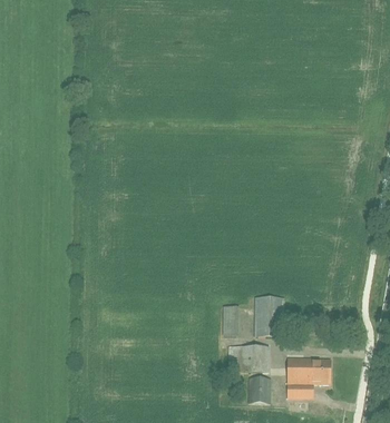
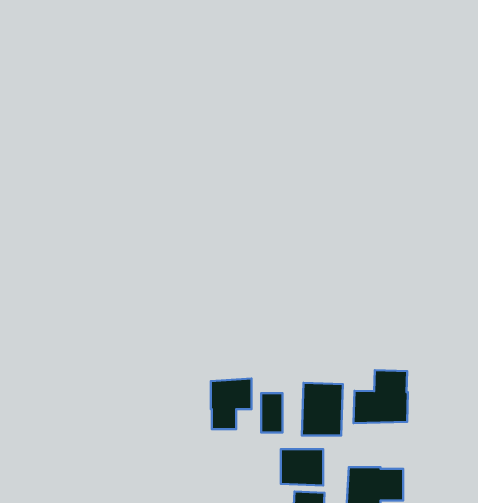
building: none -> [354,370,408,423]
building: none -> [211,378,251,429]

